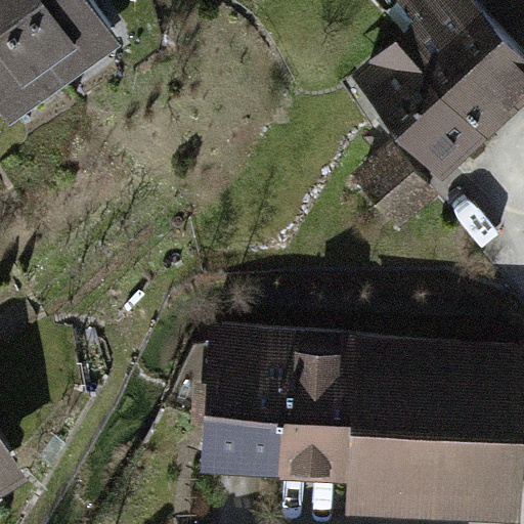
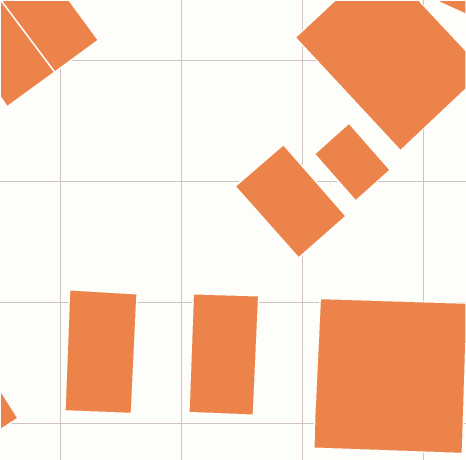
building: none -> [235,144,346,258]
building: none -> [65,290,137,414]
building: [285,339,359,476] -> none

